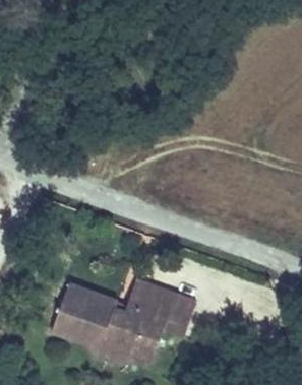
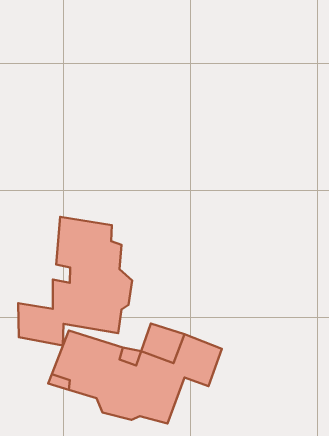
building: none -> [18,217,132,345]

